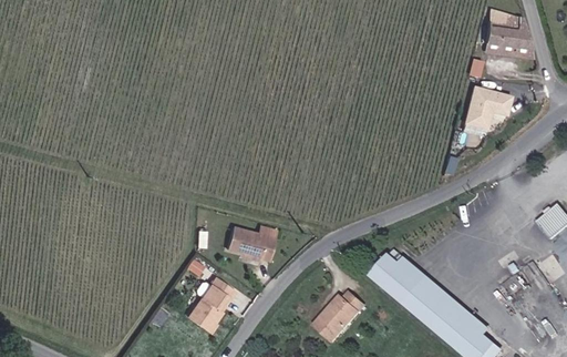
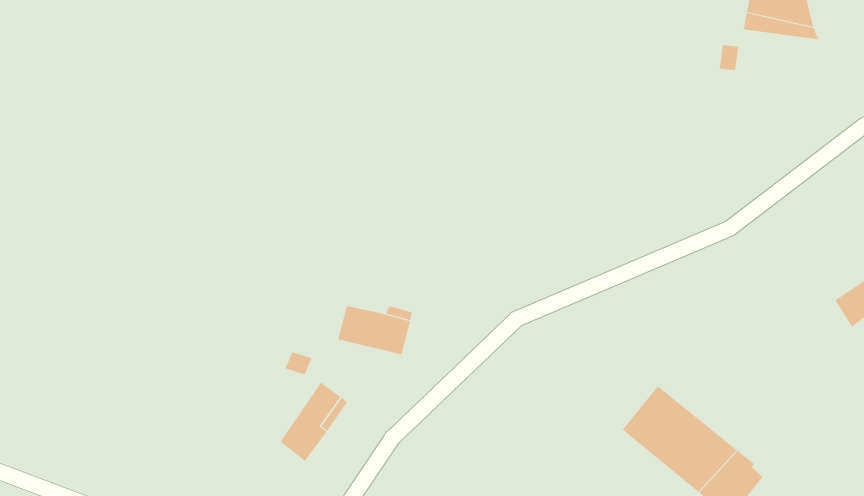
building: [466,84,515,129] -> none
building: [370,255,430,308] -> none
building: [310,293,359,344] -> none

